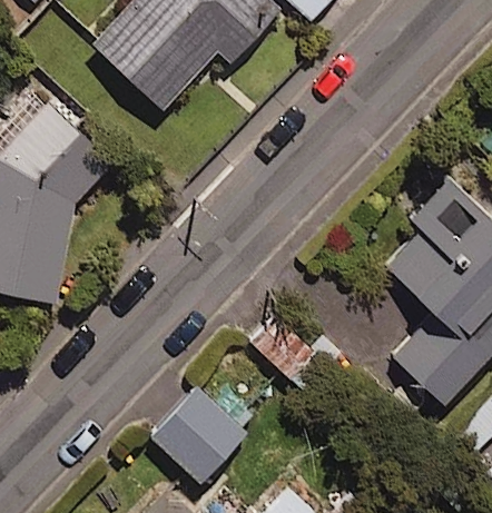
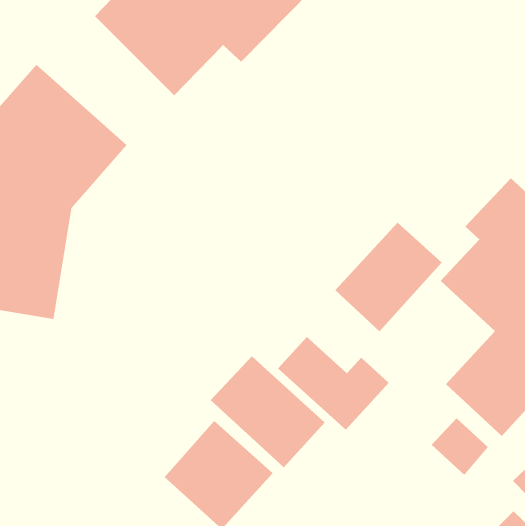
building: none -> [335,222,442,332]
building: none -> [210,356,325,468]

